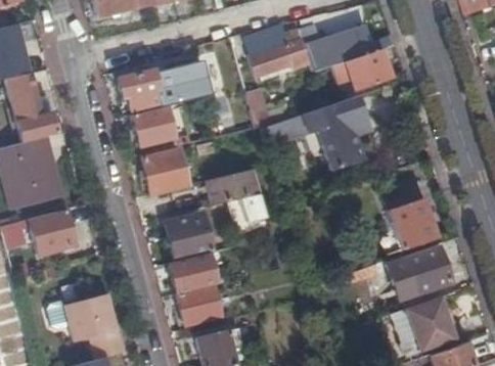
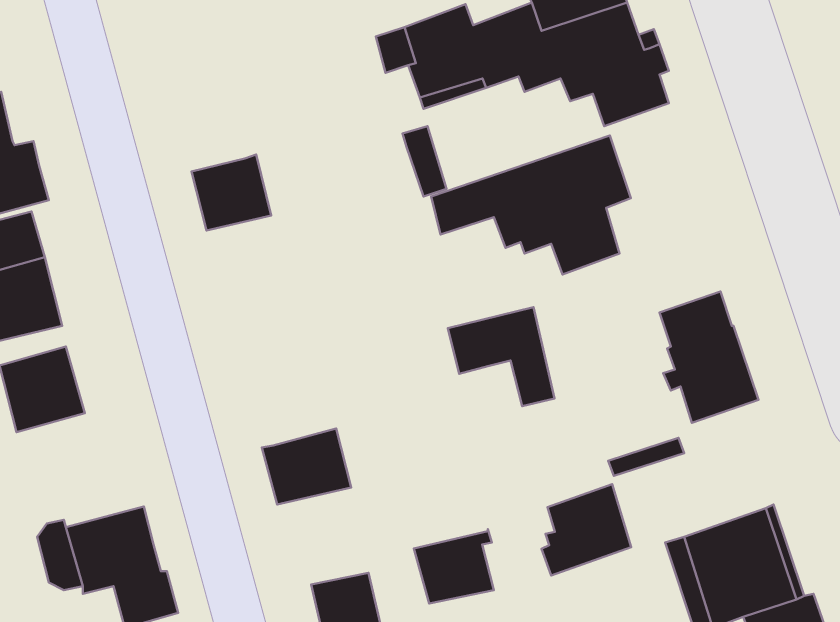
building: [119,65,202,110] -> none
building: [143,148,190,193] -> none
building: [209,169,266,222] -> [448,307,554,406]
building: [167,212,215,262] -> none
building: [403,246,451,295] -> [542,484,631,576]
building: [179,283,222,323] -> [414,529,494,603]

